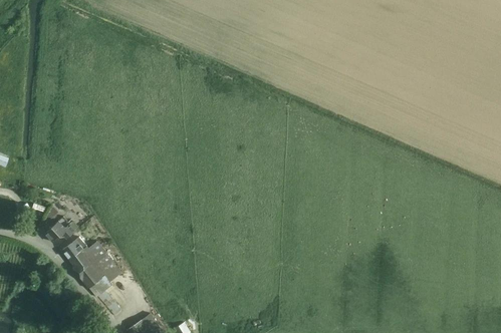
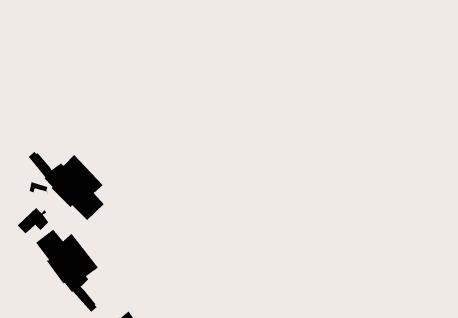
building: none -> [28,151,104,221]

